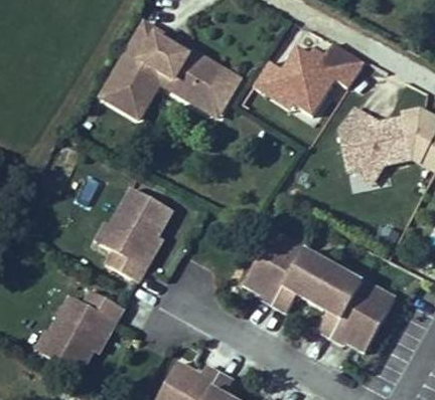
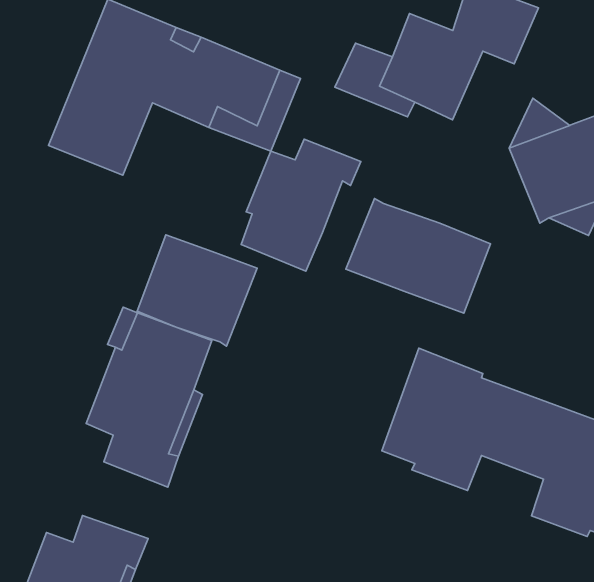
building: none -> [241,139,361,271]
building: none -> [346,198,490,313]
building: none -> [137,235,257,346]

